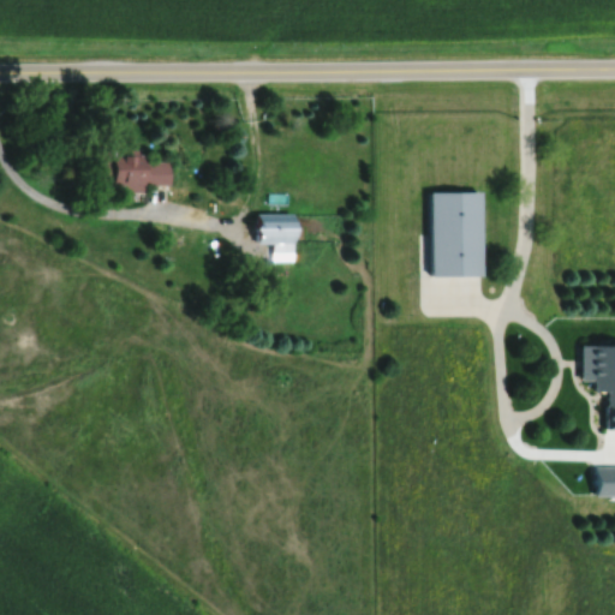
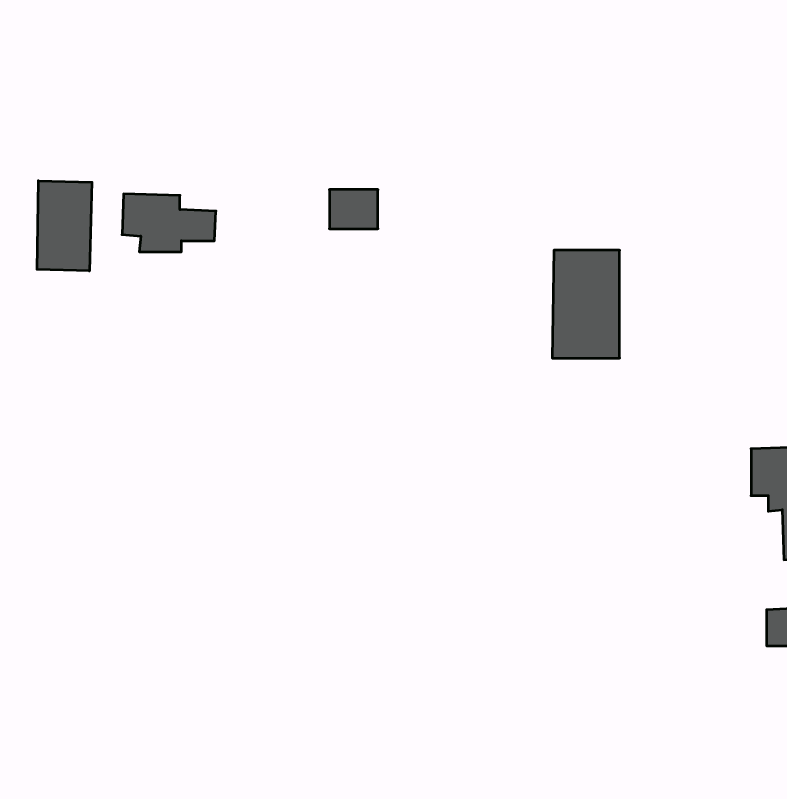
building: none -> [37,181,92,271]
building: [258,214,295,244] -> [329,190,378,229]

